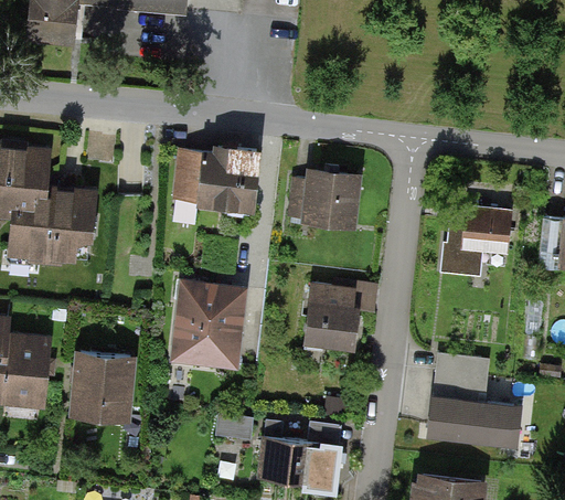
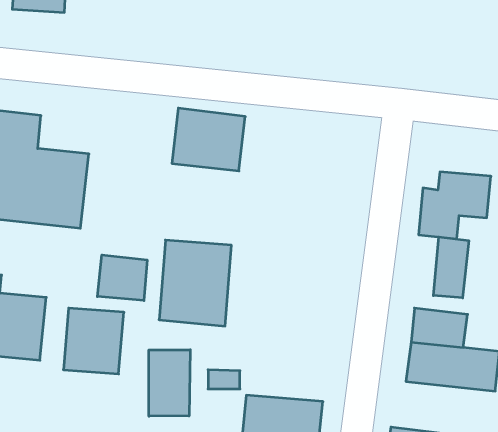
building: [288,170,359,224] -> none
building: none -> [433,237,469,298]
building: [297,286,355,350] -> none
building: none -> [97,255,147,301]
building: none -> [149,350,190,416]

